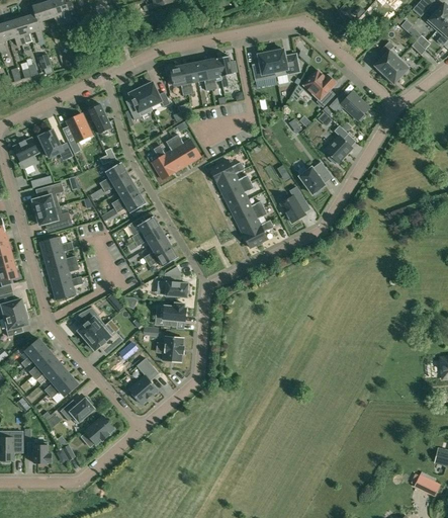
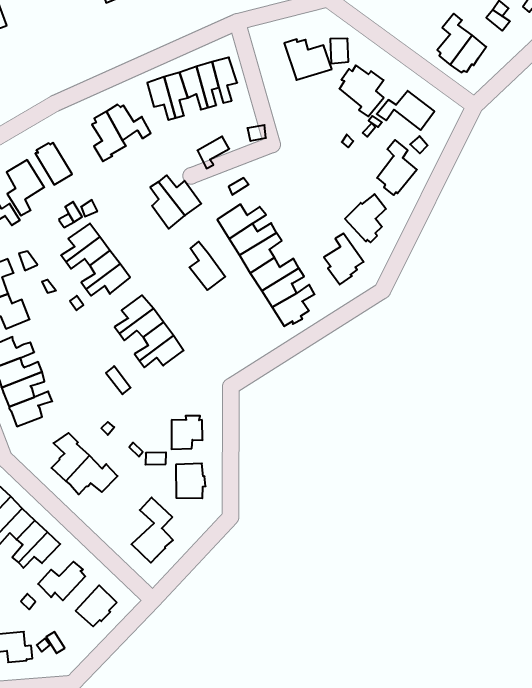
building: [251,50,274,80] -> none
building: [151,145,175,179] -> [189,242,225,290]
building: [162,266,189,296] -> none

